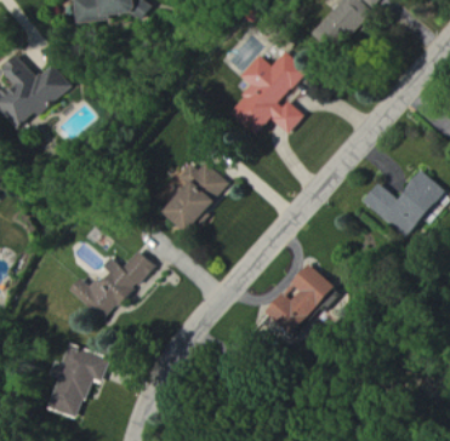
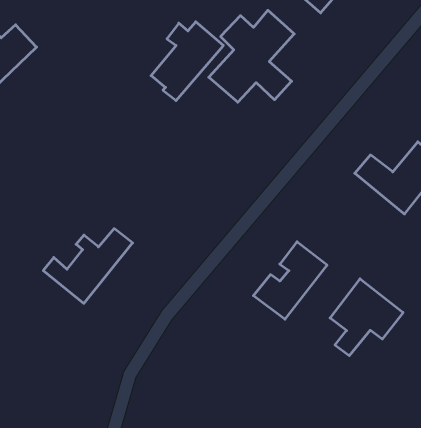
building: [161,162,228,235] -> [151,22,223,101]
building: none -> [330,279,403,356]
building: [53,342,112,416] -> none

